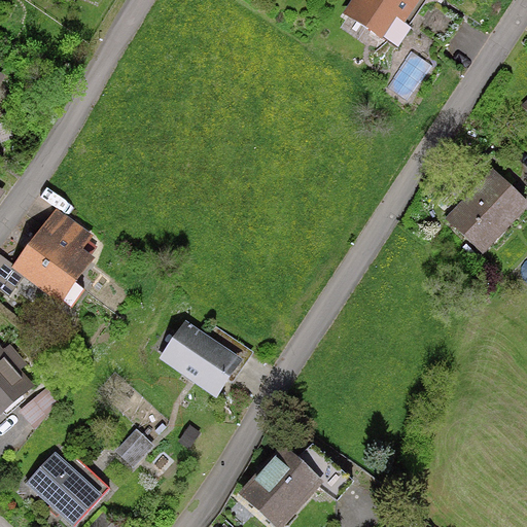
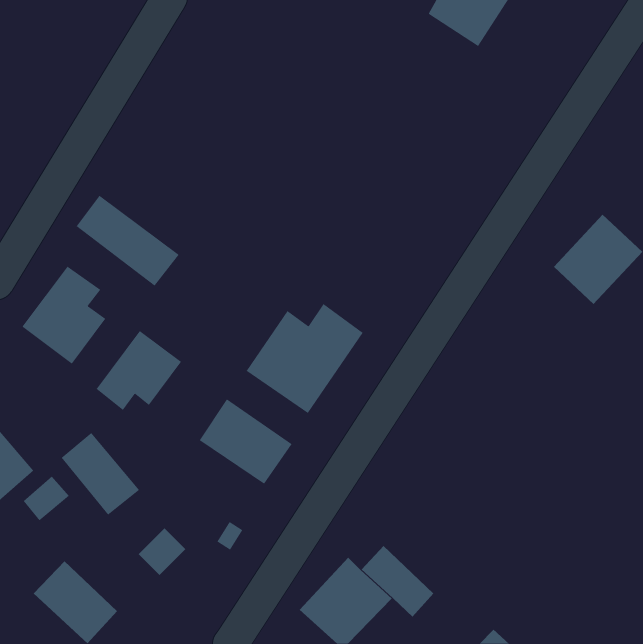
building: none -> [76,195,180,286]
building: none -> [246,303,364,414]
building: none -> [96,330,182,411]
building: none -> [61,432,140,515]

